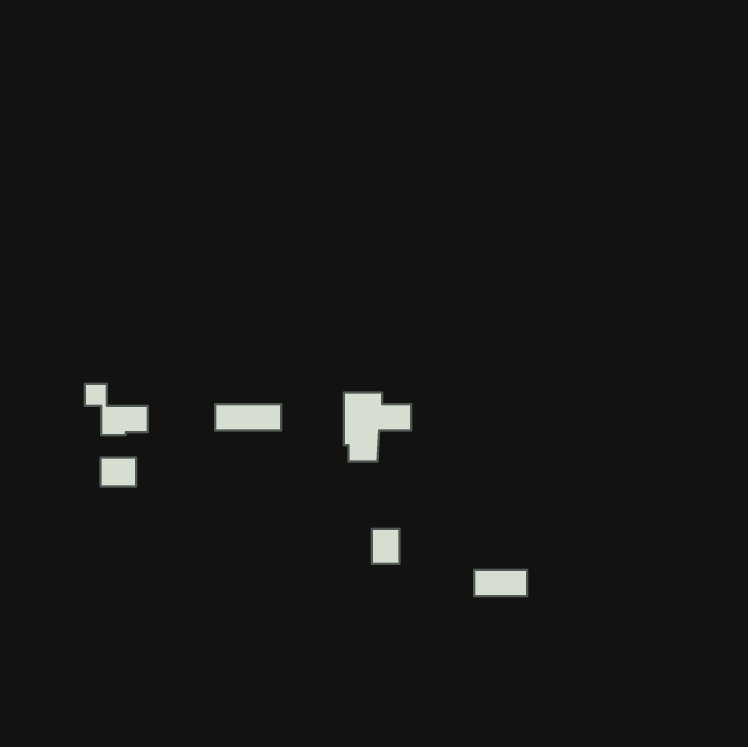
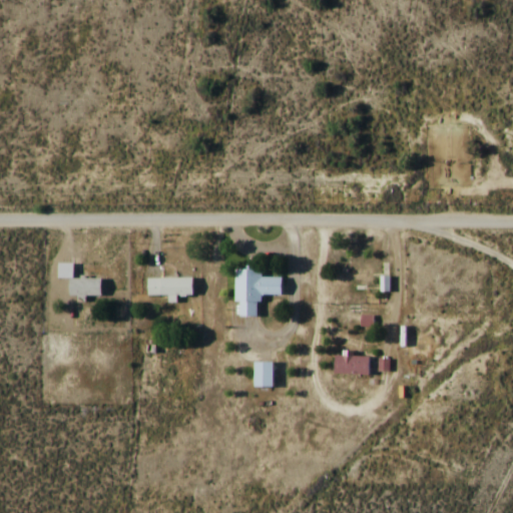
building: [101,458,136,486] -> none
building: [474,570,527,596] -> [335,357,371,375]

